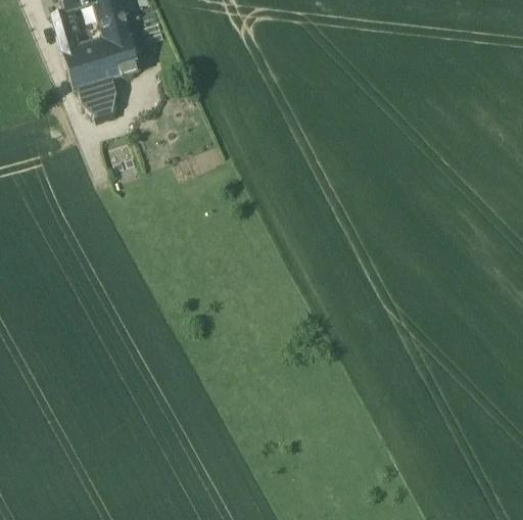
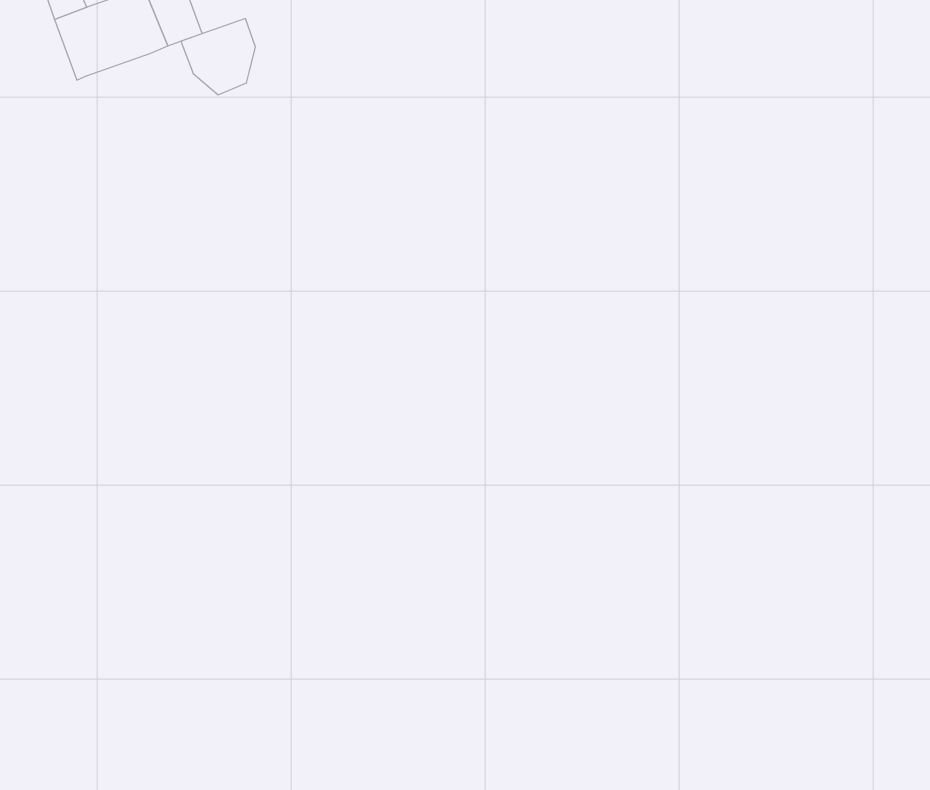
building: [78,74,116,112] -> [181,19,255,95]

